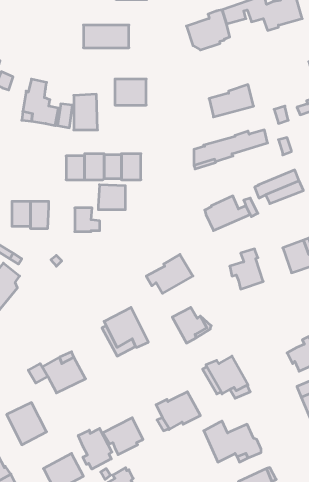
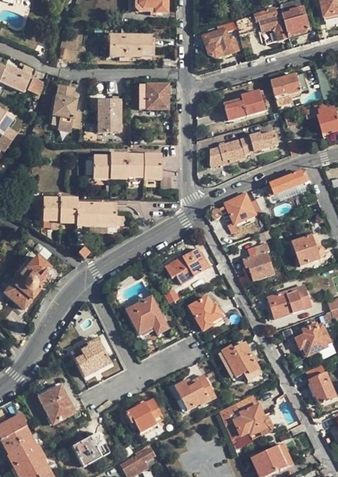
building: none -> [271,73,308,106]
building: [98,185,125,210] -> [75,203,100,226]
building: none -> [270,290,305,318]
building: [78,428,112,469] -> none

